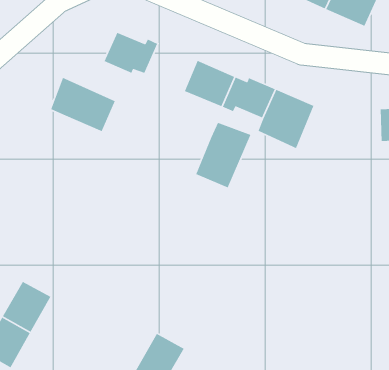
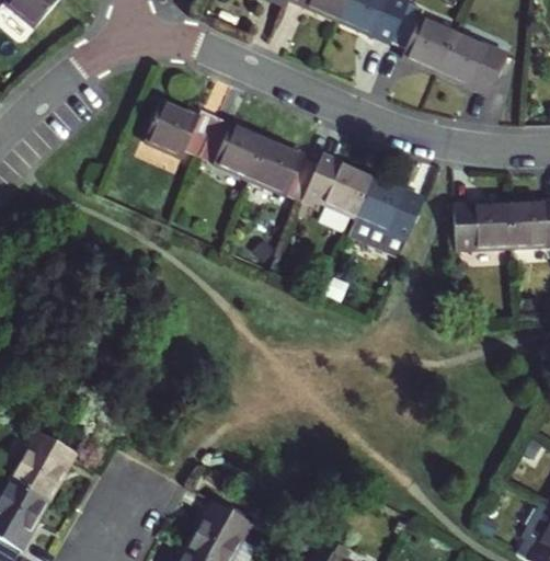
building: none -> [199,116,268,180]
building: [50,77,116,132] -> none
building: none -> [454,203,512,250]
building: [195,122,252,189] -> none

